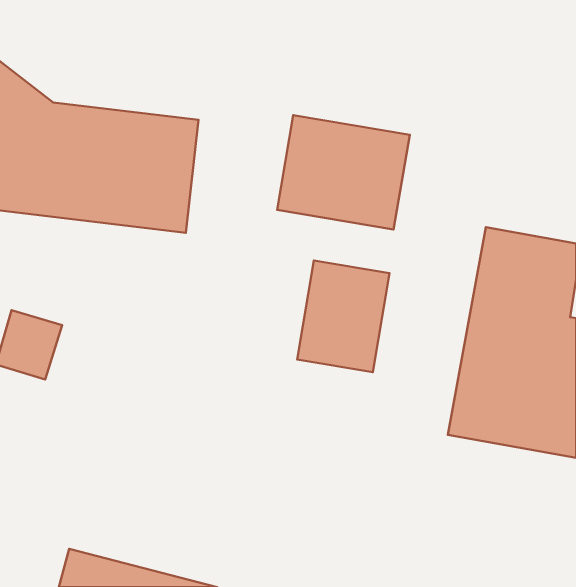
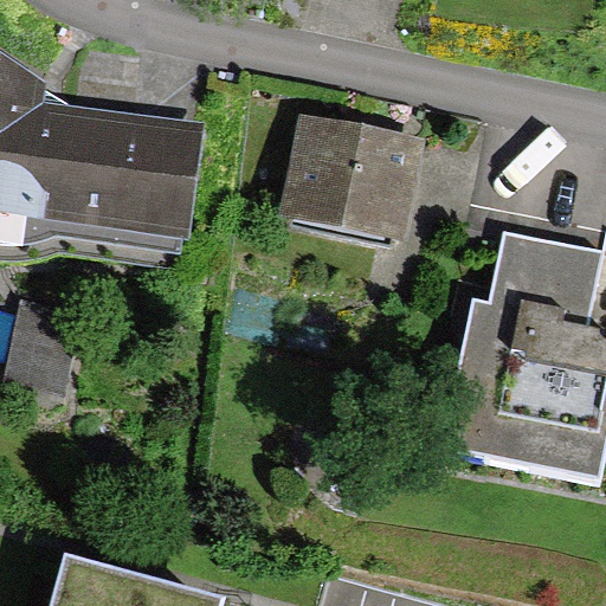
building: [297,261,390,372] -> none

